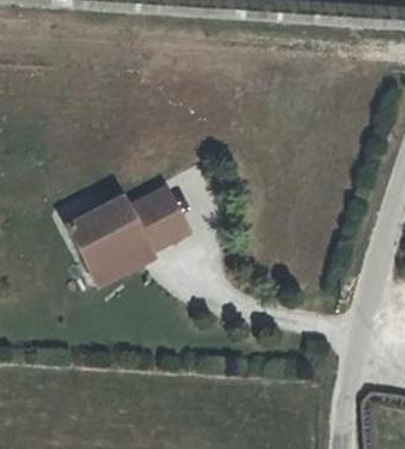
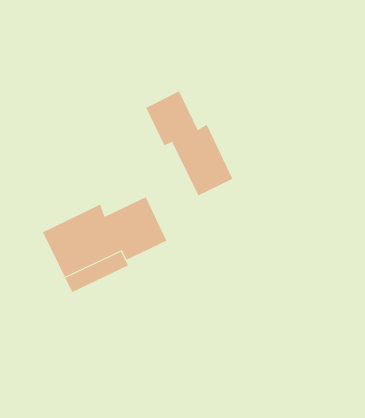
building: none -> [145,90,233,196]

